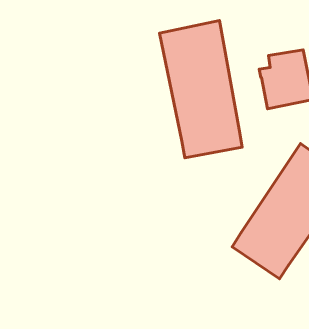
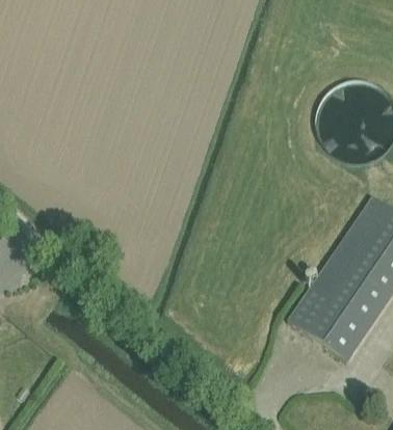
building: [160,21,242,158] -> none

